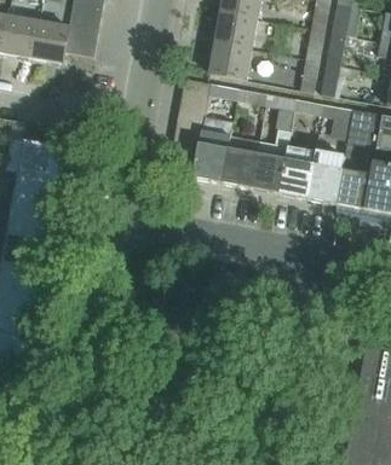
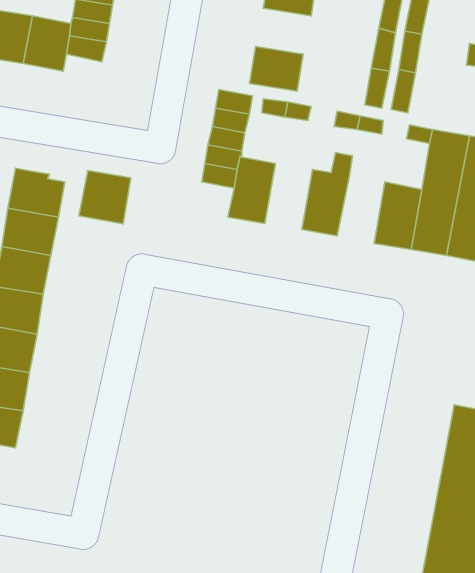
building: [213,14,257,51] -> none
building: [220,136,258,188] -> none
building: none -> [79,170,131,224]
building: [277,146,315,199] -> none

